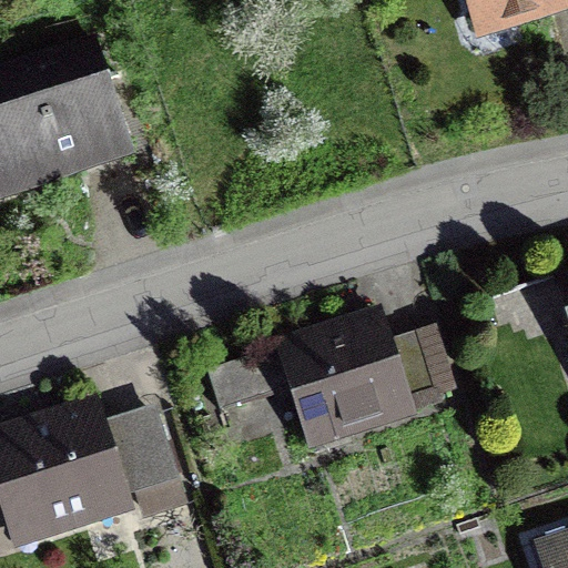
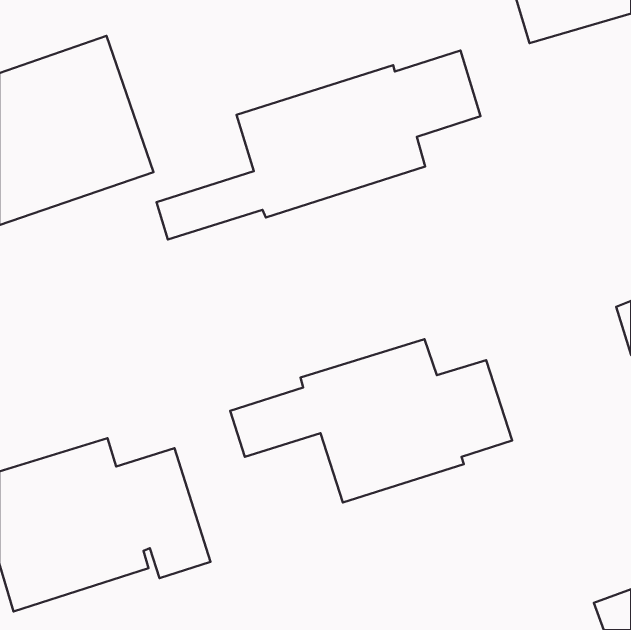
building: none -> [157,51,480,239]

